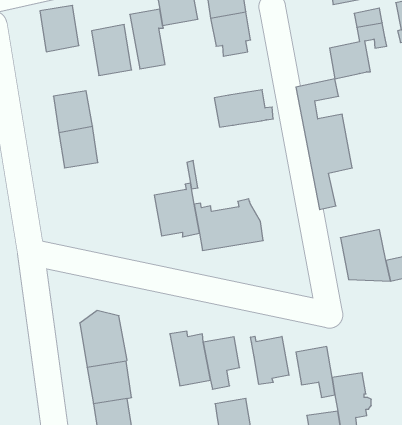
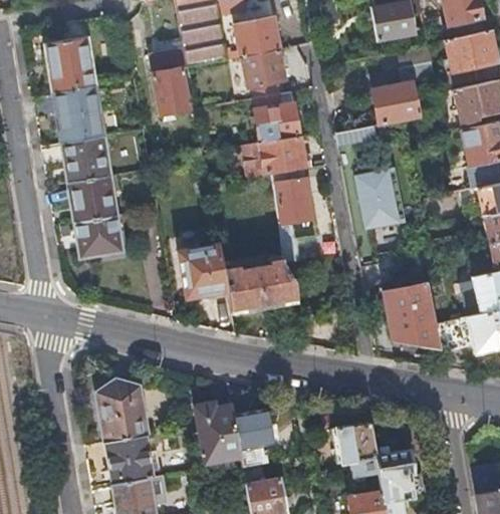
building: [92,25,132,75] -> [59,86,103,143]
building: none -> [255,91,298,142]
building: none -> [272,169,314,262]
building: none -> [76,215,124,257]
building: [251,336,289,384] -> none

